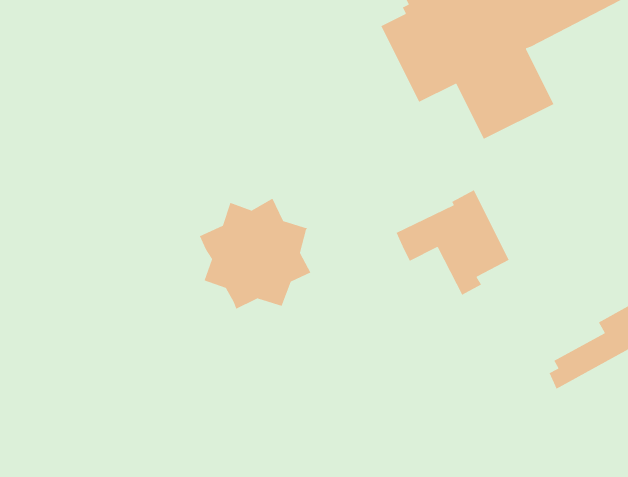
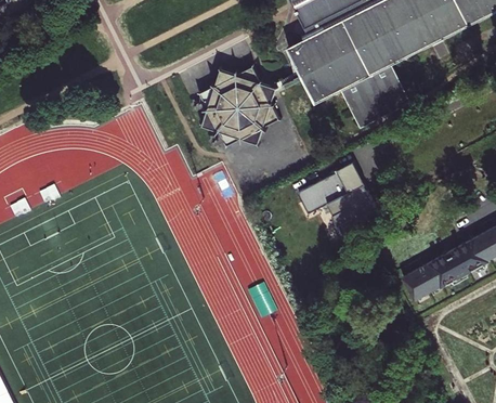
building: [199,197,312,310] -> [198,67,277,146]

